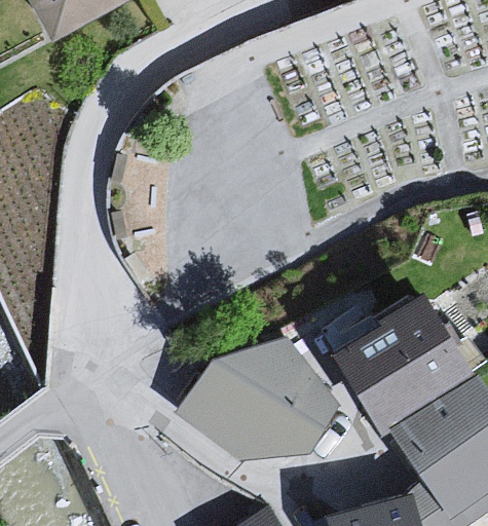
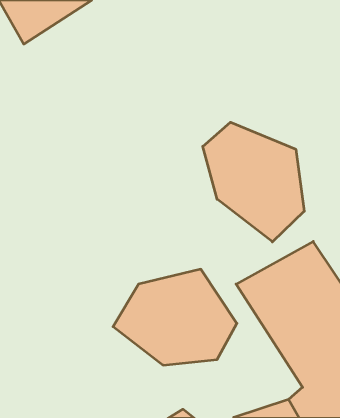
building: none -> [203,122,304,242]

